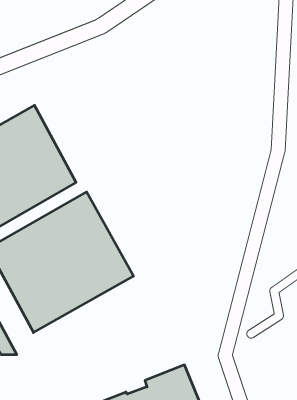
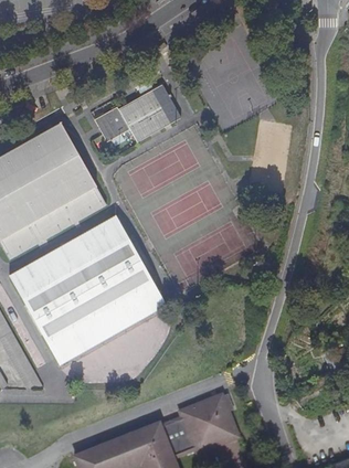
building: none -> [94,84,181,141]

